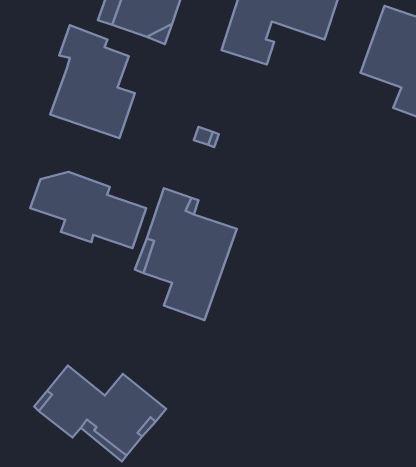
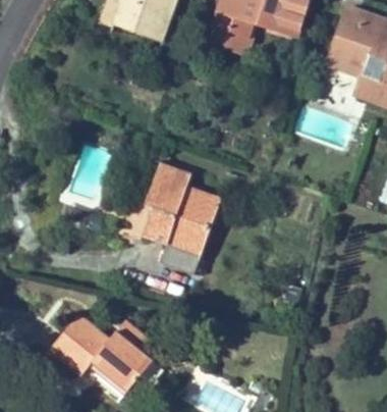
building: [50,25,135,138] -> none
building: [30,172,146,248] -> none

